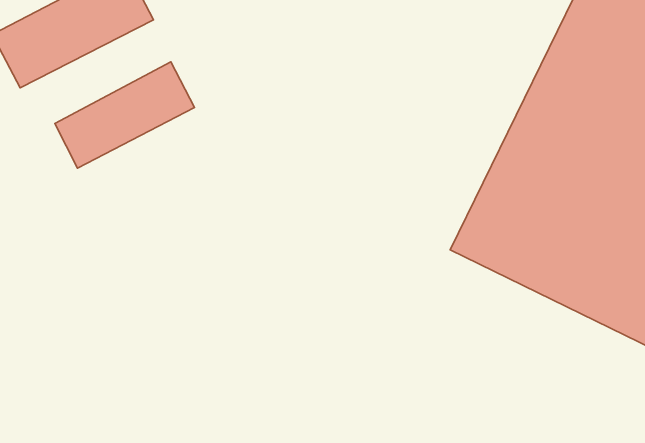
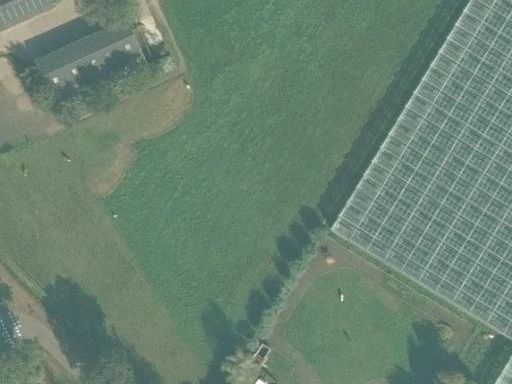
building: [55,62,194,168] -> none

